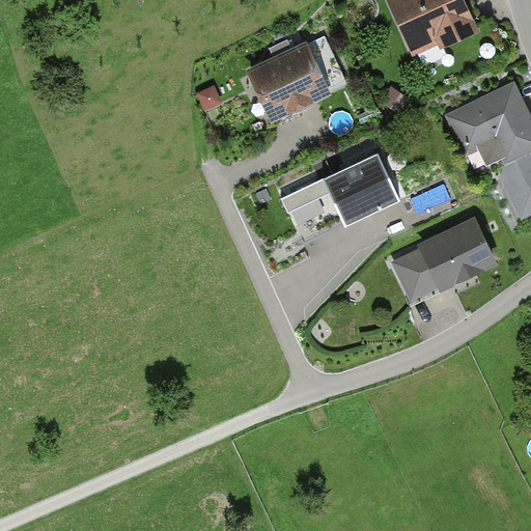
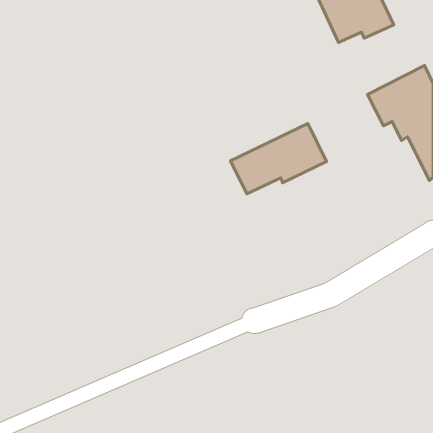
building: [250,41,334,120] -> none
building: [389,218,495,306] -> none

